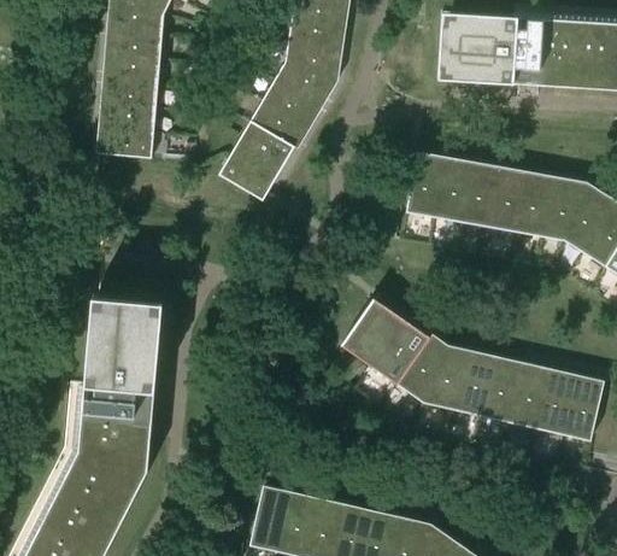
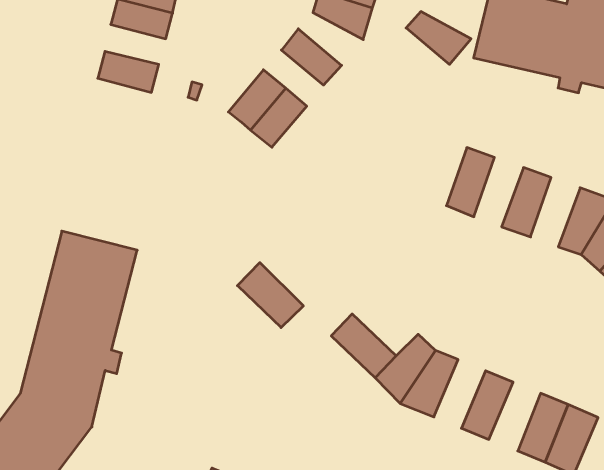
building: [274,62,334,105] -> [406,12,471,64]
building: [248,100,305,147] -> none
building: [102,103,155,131] -> none
building: [405,156,443,216] -> none
building: [460,165,498,227] -> none
building: [515,175,552,236] -> none
building: [365,304,428,359] -> [237,263,303,328]
building: [454,353,494,415] -> none
building: [507,365,547,427] -> none

